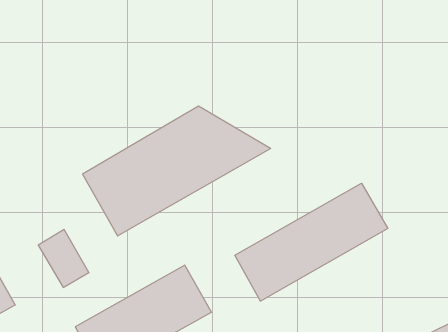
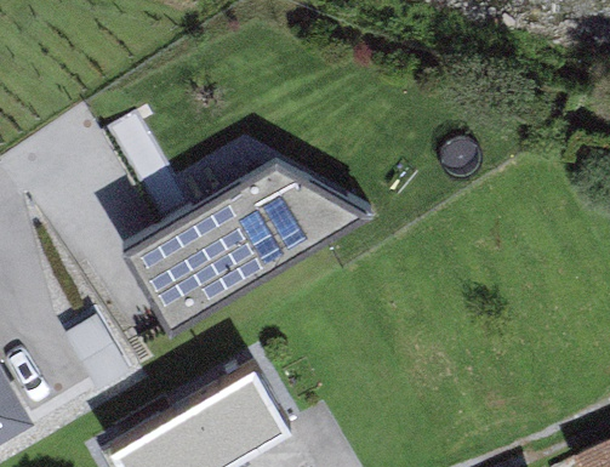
building: [235,183,388,301] -> none

